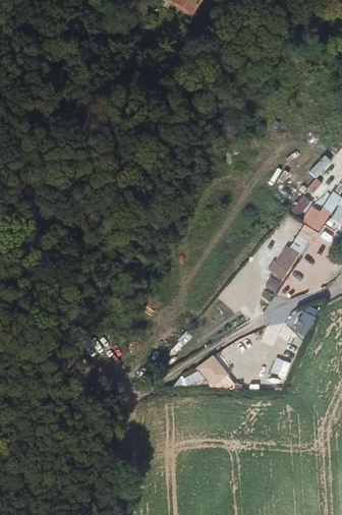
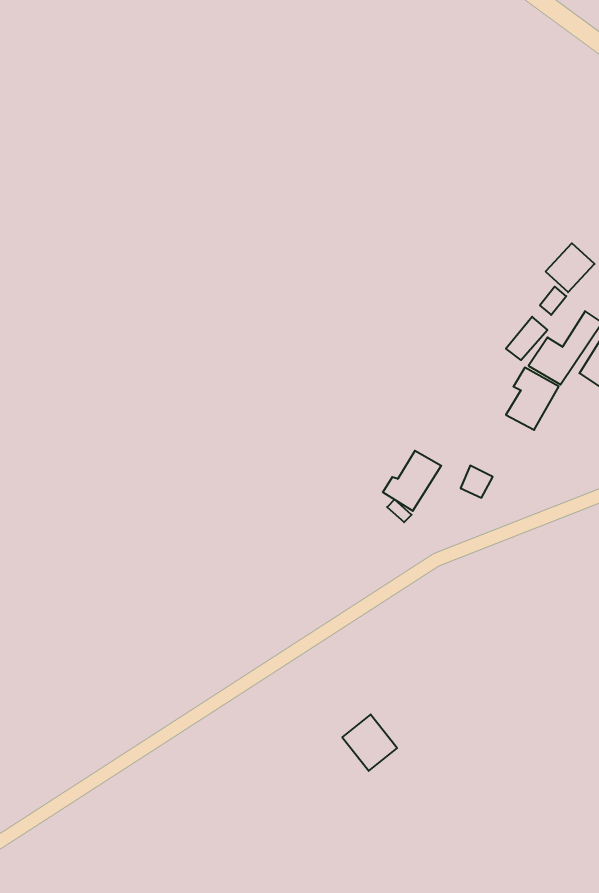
building: [268,246,299,279] -> [383,451,441,511]
building: [199,355,229,386] -> [342,714,397,771]

